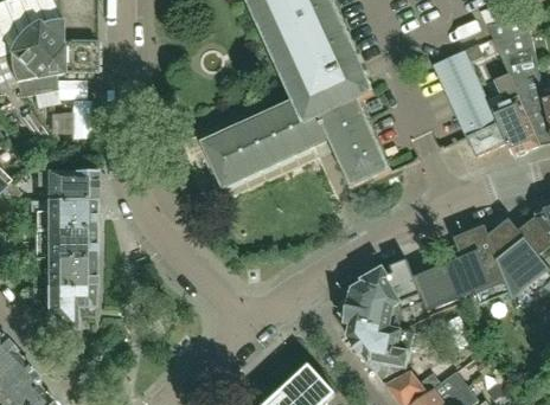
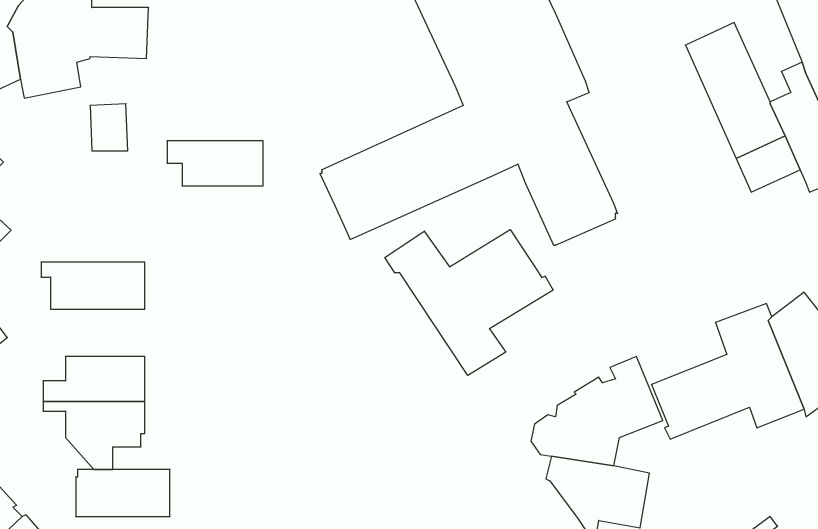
building: [34,171,95,199] -> [167,141,263,186]
building: none -> [385,230,553,375]
building: [36,229,95,258] -> [76,469,170,517]

